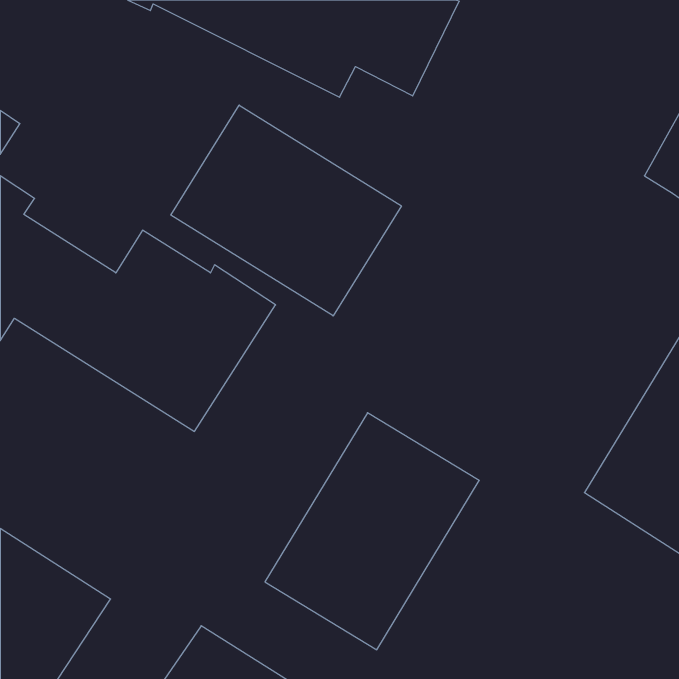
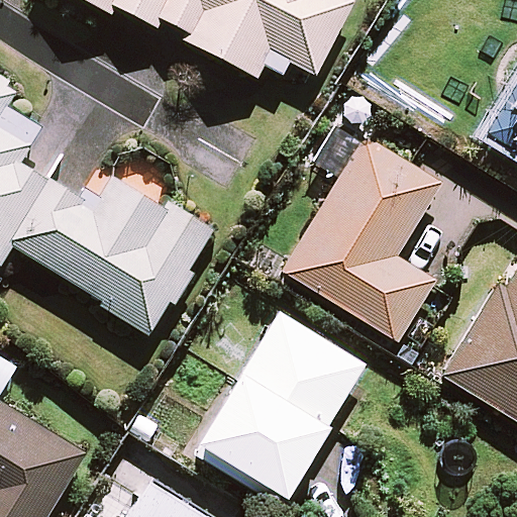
building: [171,105,401,316] -> none
building: none -> [285,117,441,340]

